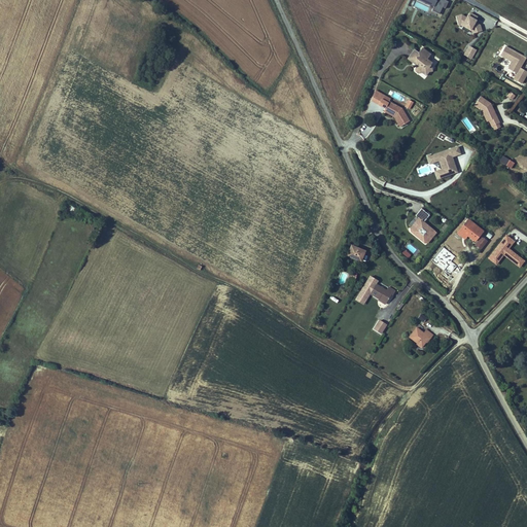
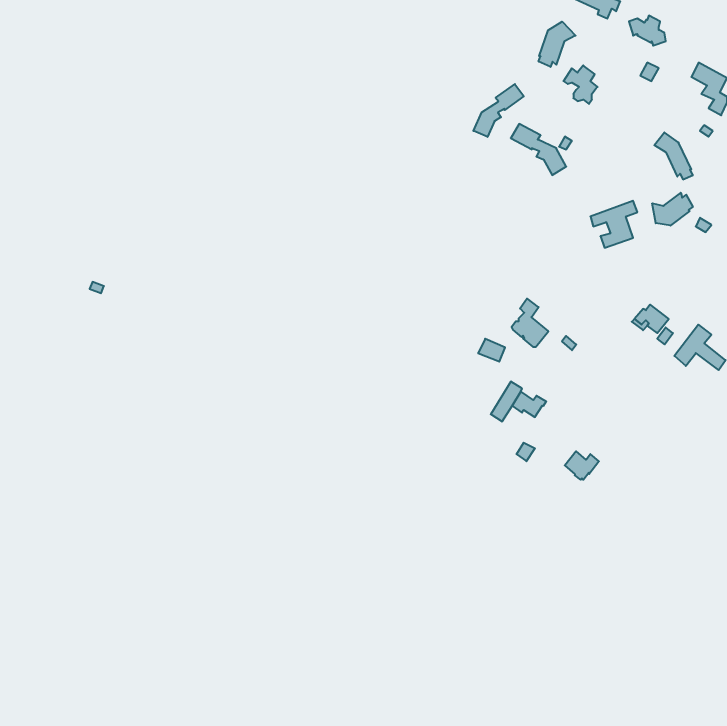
building: none -> [539,22,576,67]
building: none -> [473,84,524,137]
building: none -> [652,193,693,226]
building: [410,208,436,243] -> [512,299,548,347]

